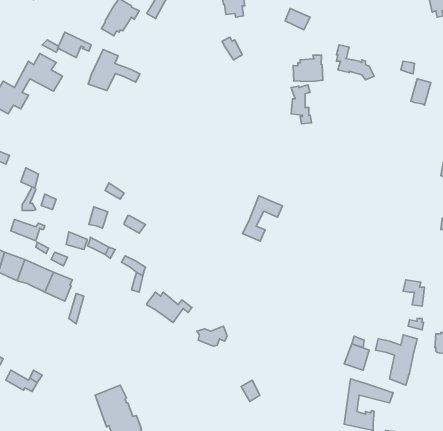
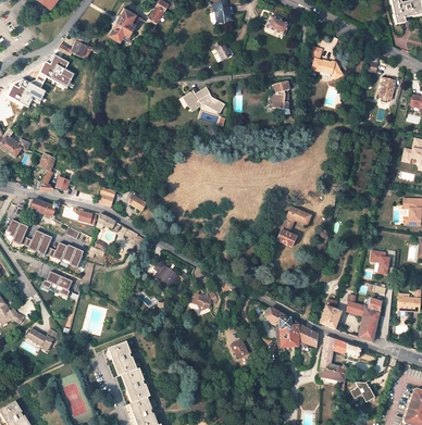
building: [88,49,140,91] -> none
building: [293,55,323,81] -> none
building: none -> [185,87,224,112]
building: [242,196,283,241] -> [276,207,311,246]
building: none -> [41,271,72,296]
building: none -> [264,307,318,347]

